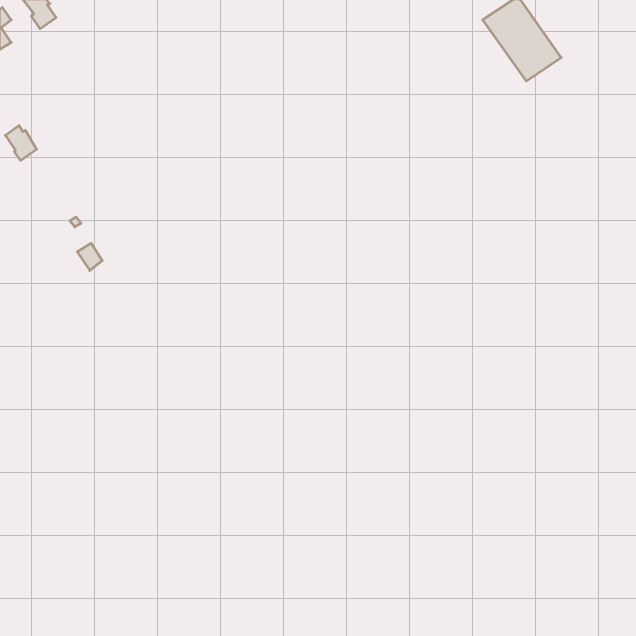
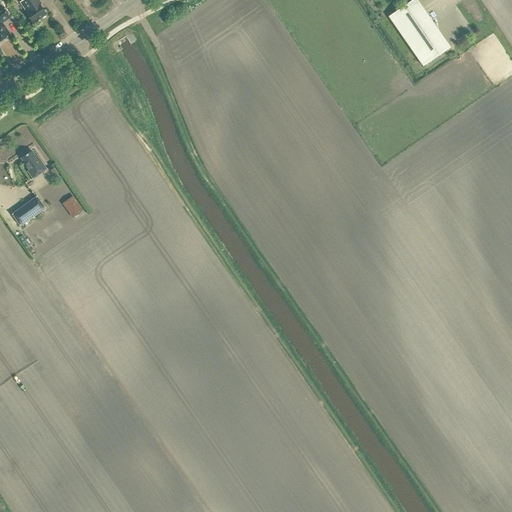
building: [5,126,37,160] -> [20,150,45,178]
building: none -> [11,196,44,225]

